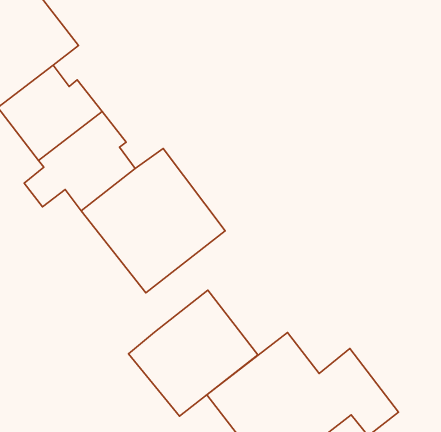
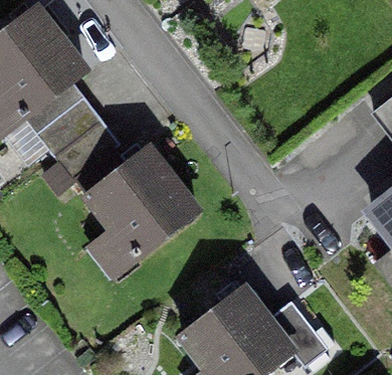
building: [129,290,258,416] -> none

